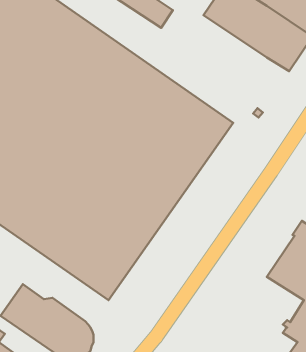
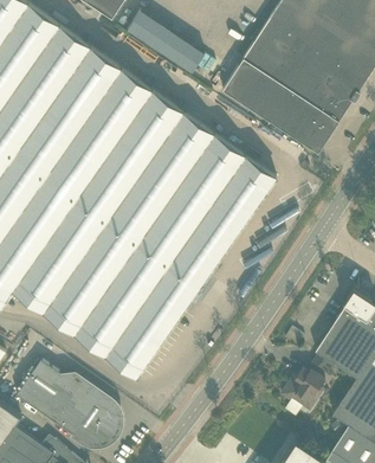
building: none -> [221,59,338,155]
building: none -> [279,369,324,412]

